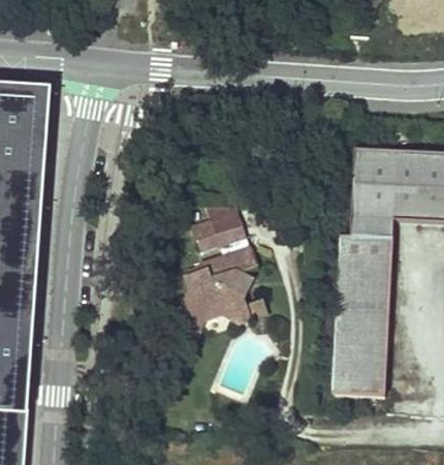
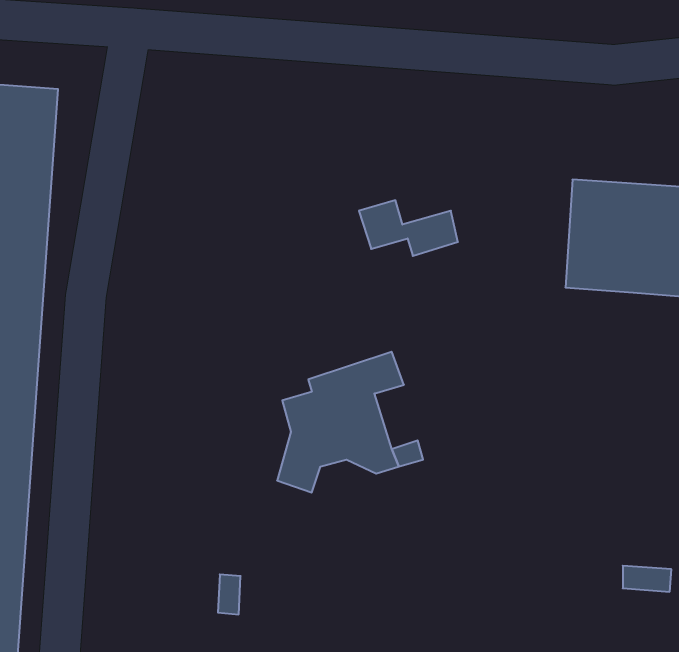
building: [330,211,392,394] -> none
building: [187,219,246,252] -> [359,200,458,256]

